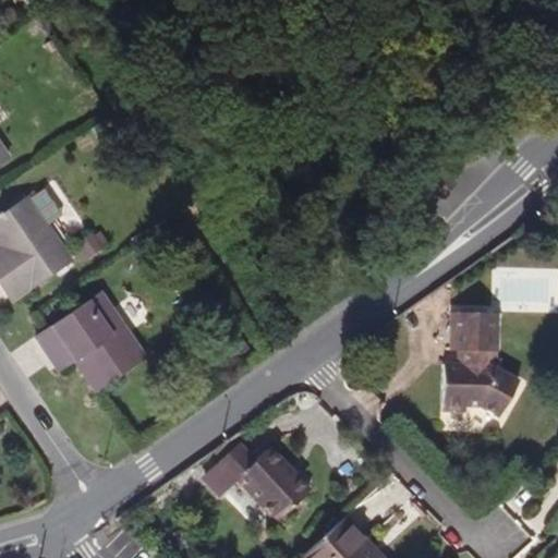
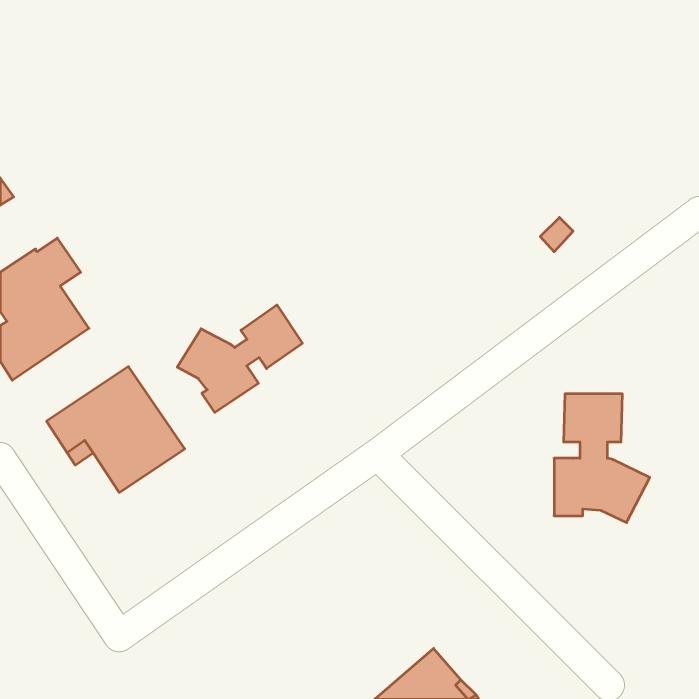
building: none -> [177,305,302,412]
building: [205,444,310,522] -> none

